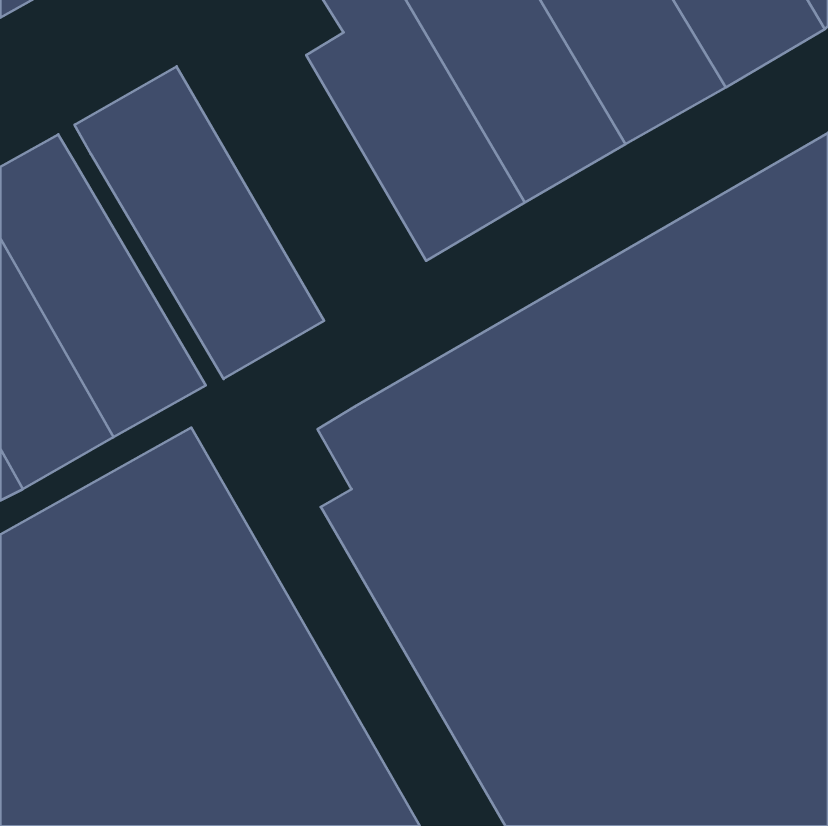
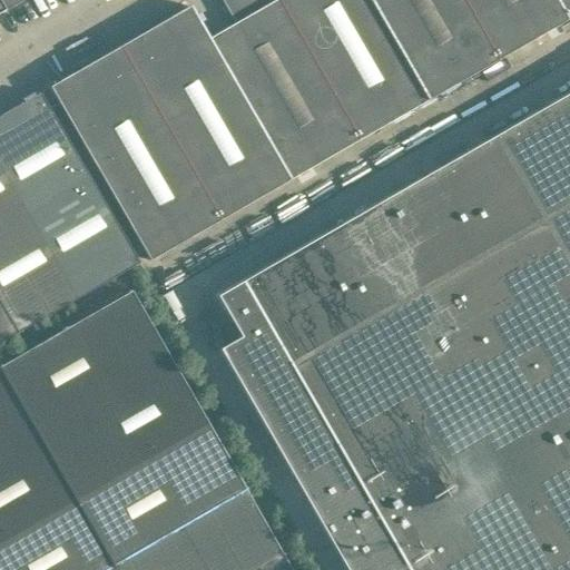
building: none -> [121,4,293,220]

